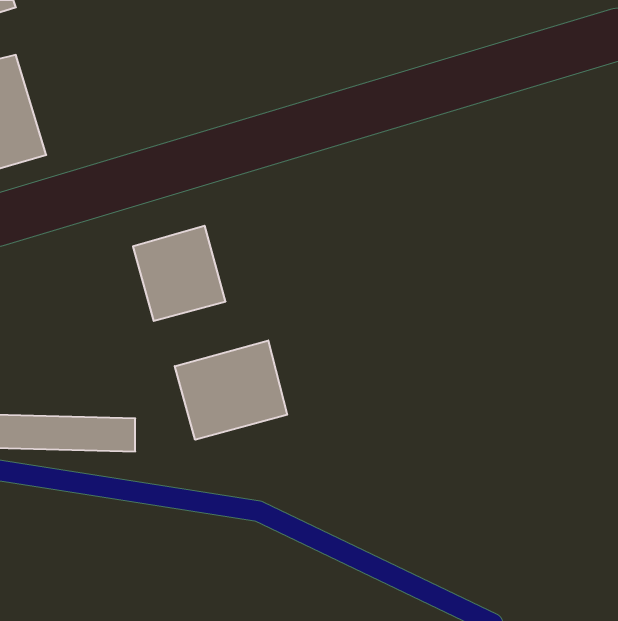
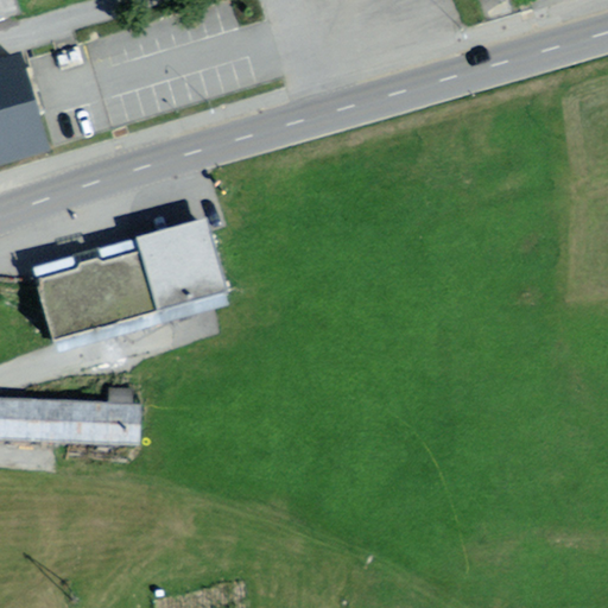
building: none -> [36,242,150,341]
building: [175,340,287,440] -> none

